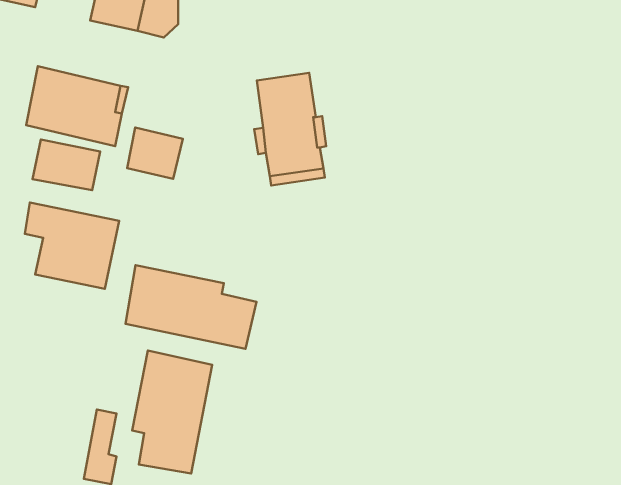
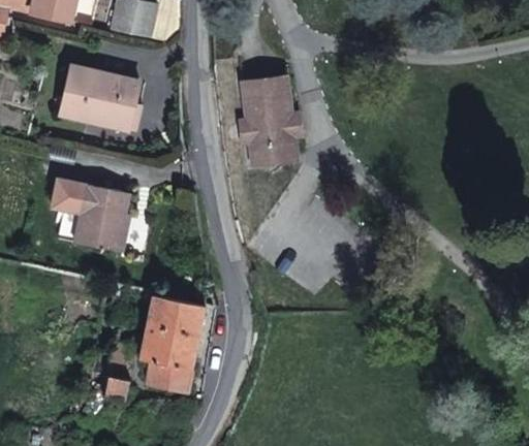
building: [127,127,183,179] -> none
building: [32,139,100,190] -> none
building: [126,265,256,349] -> none

